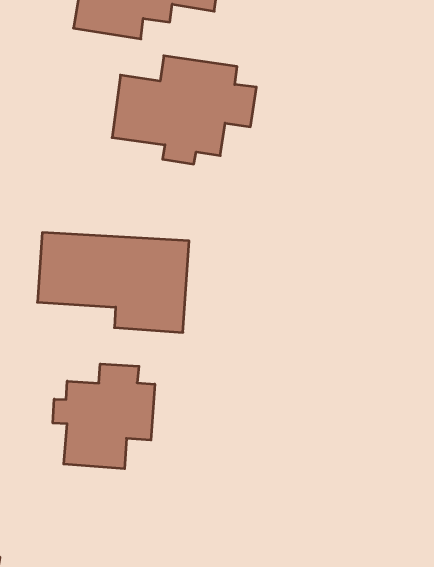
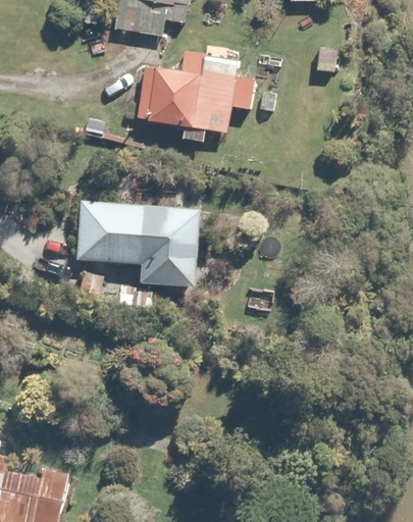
building: [53,364,155,469] -> none

